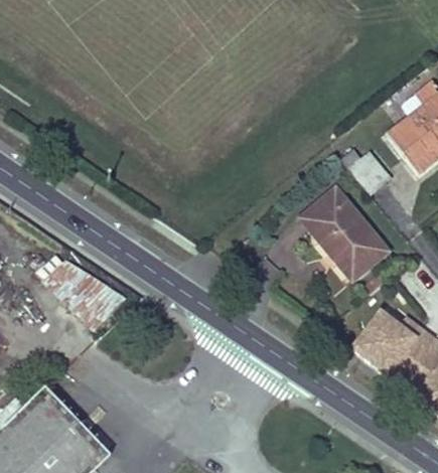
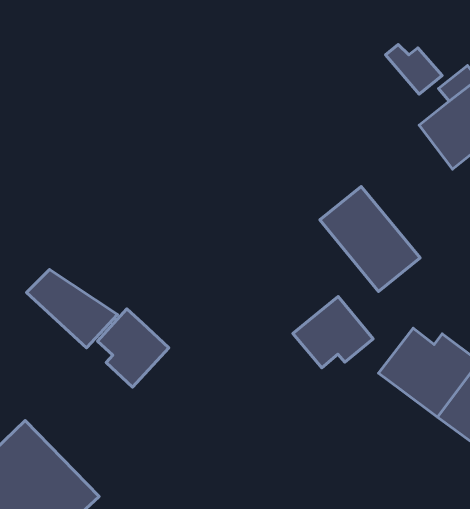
building: [341,150,391,193] -> [386,44,442,94]
building: none -> [293,296,373,368]
building: none -> [97,309,169,387]

